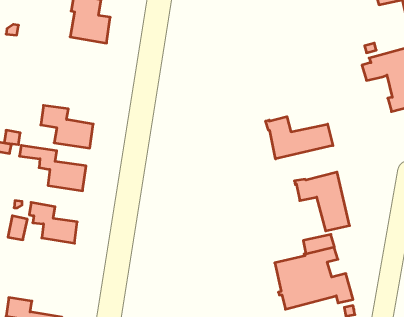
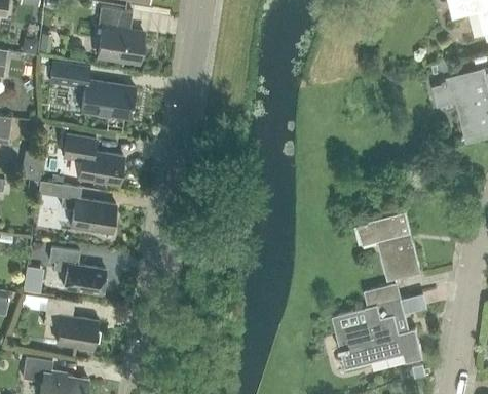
building: none -> [49,63,135,118]
building: [266,117,333,159] -> none
building: none -> [43,299,98,350]

